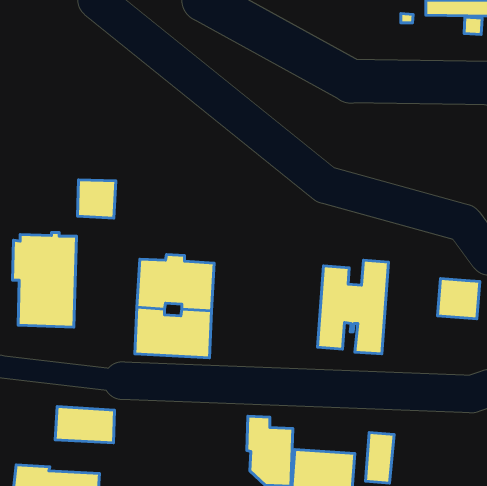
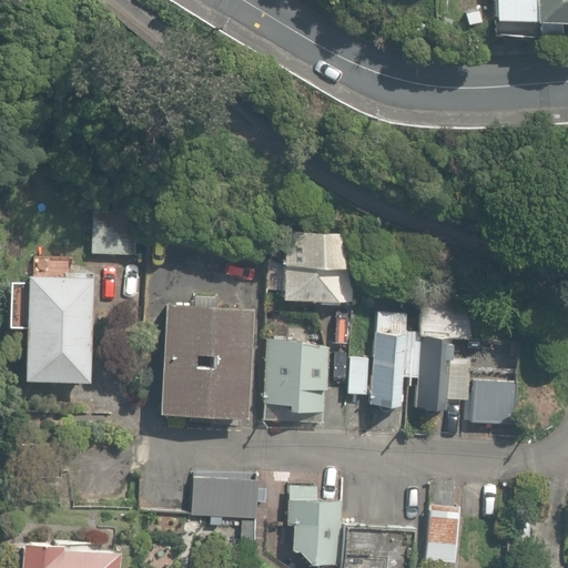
building: none -> [272,230,359,305]
building: [438,279,480,319] -> [470,381,519,427]
building: none -> [264,337,328,415]
building: [55,406,115,443] -> [191,477,260,519]

